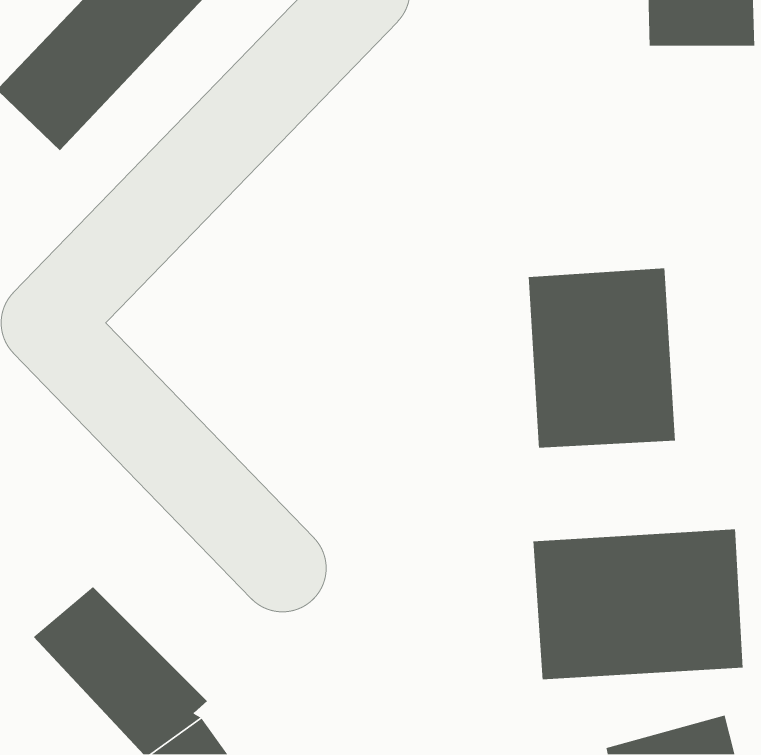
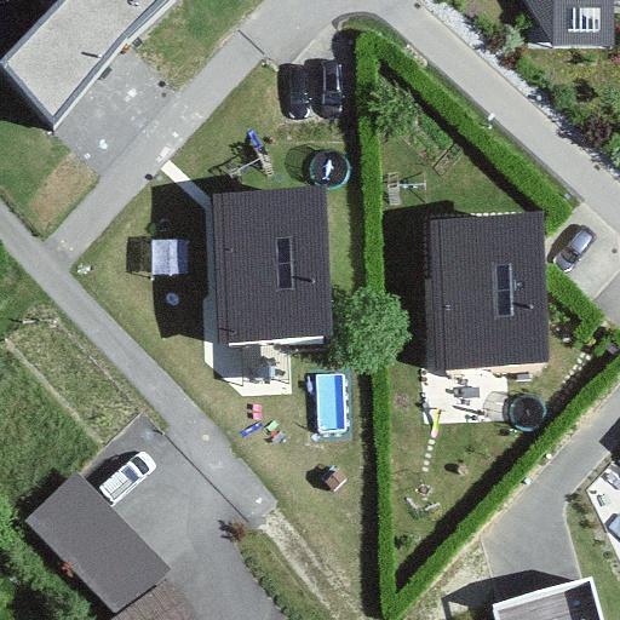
building: none -> [217,193,325,341]
building: [532,529,744,680] -> none

